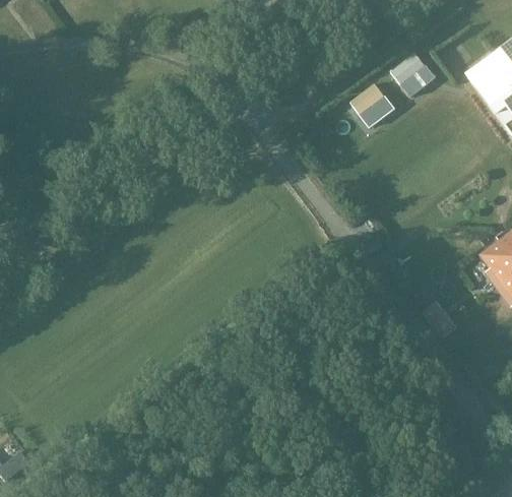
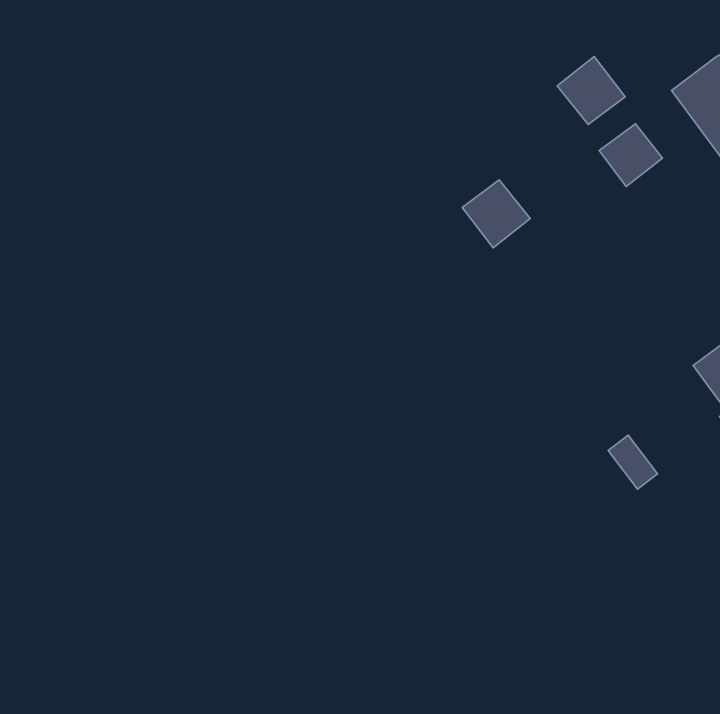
building: [349,83,394,128] -> [462,180,530,248]
building: none -> [599,124,663,186]

